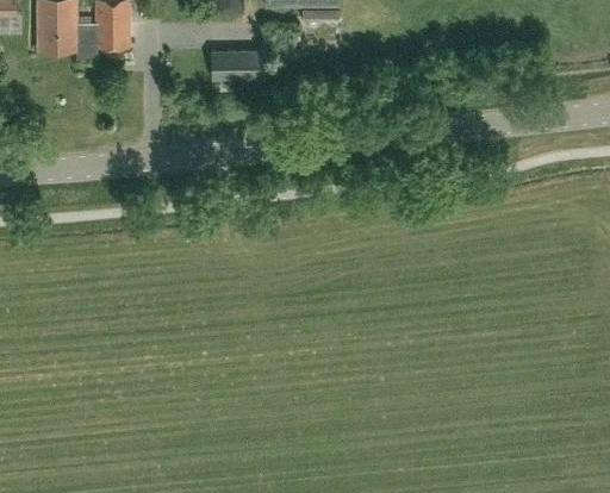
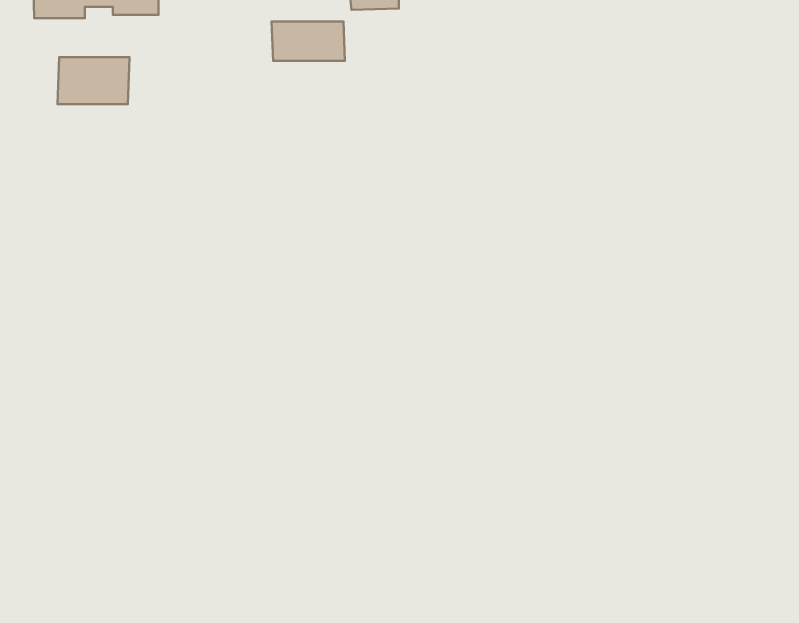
building: none -> [58,57,129,104]

